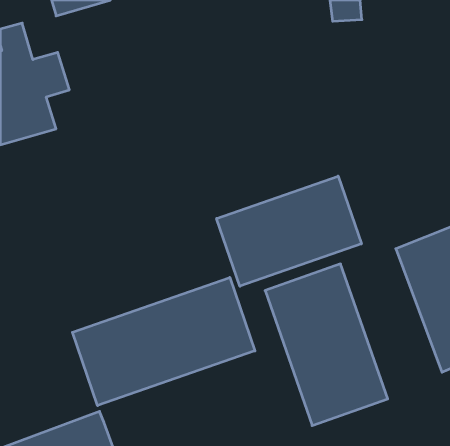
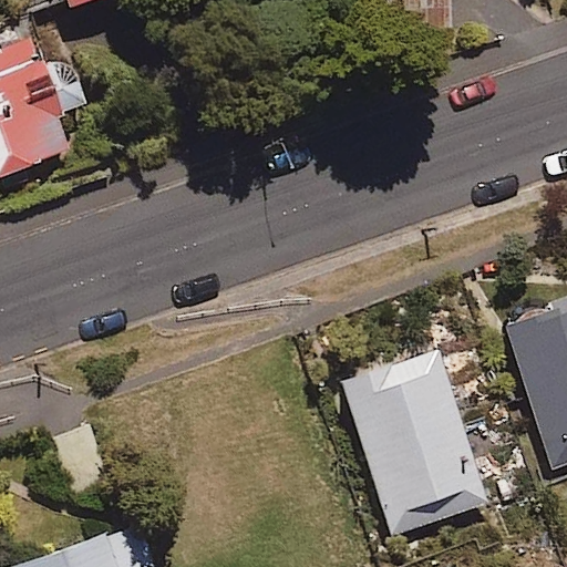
building: [217,176,361,286] -> none
building: [72,277,255,406] -> none

